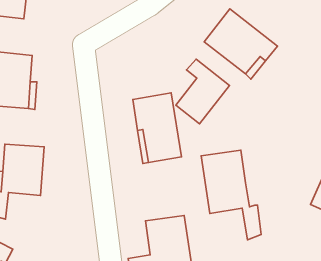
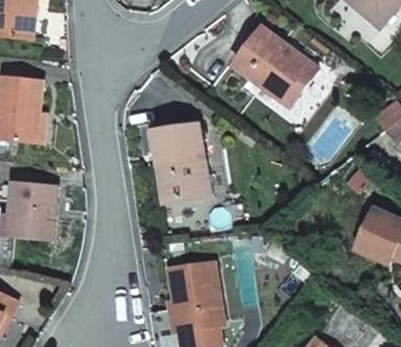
building: [176,59,230,124] -> none
building: [201,150,261,240] -> none

